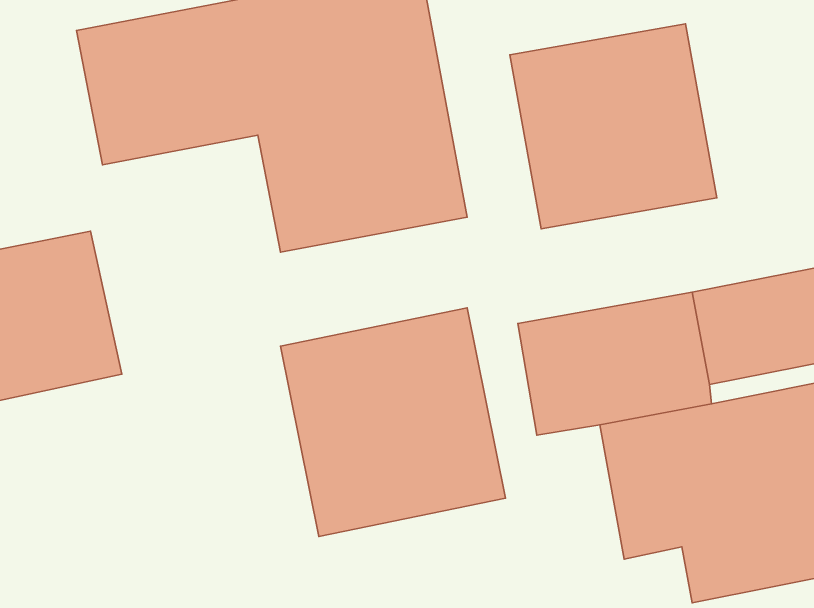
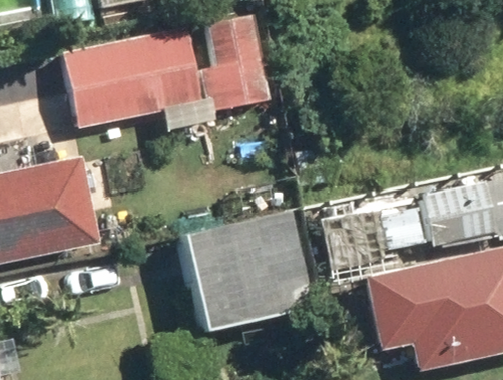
building: [510,24,717,229] -> none

